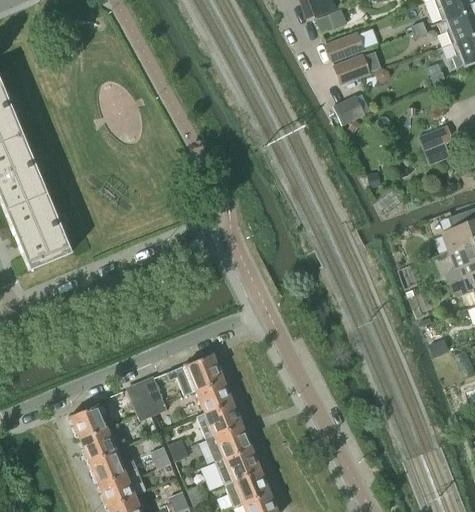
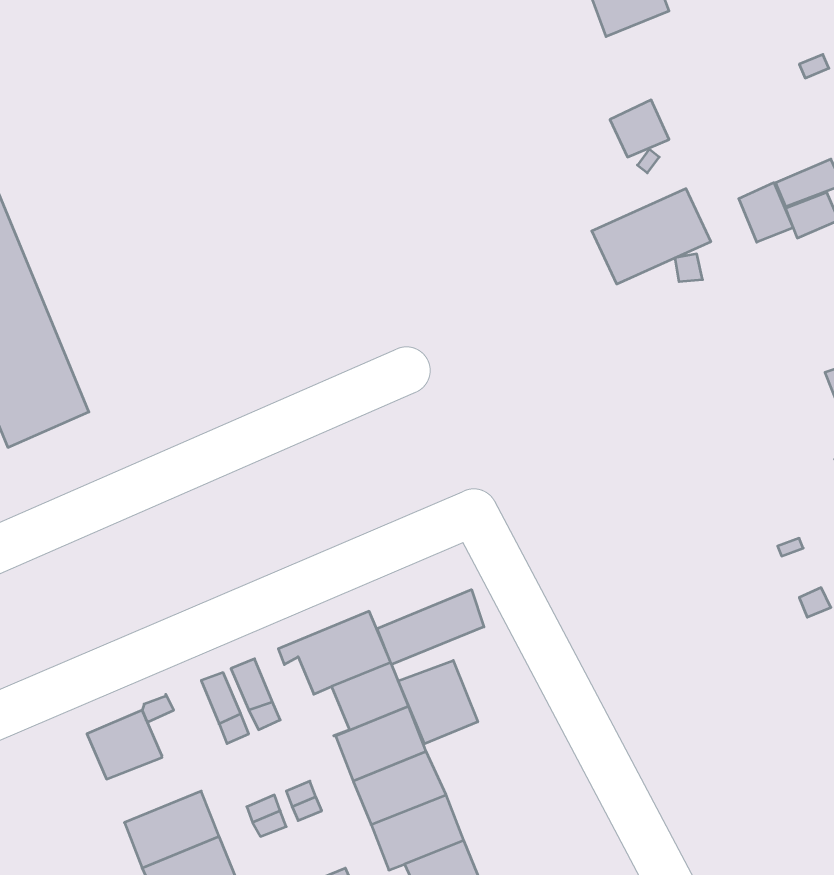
building: [333,54,371,85] -> none
building: none -> [739,183,793,242]
building: none -> [592,189,711,284]
building: none -> [377,590,484,664]
building: none -> [398,660,478,744]
building: [80,423,128,461] -> none

